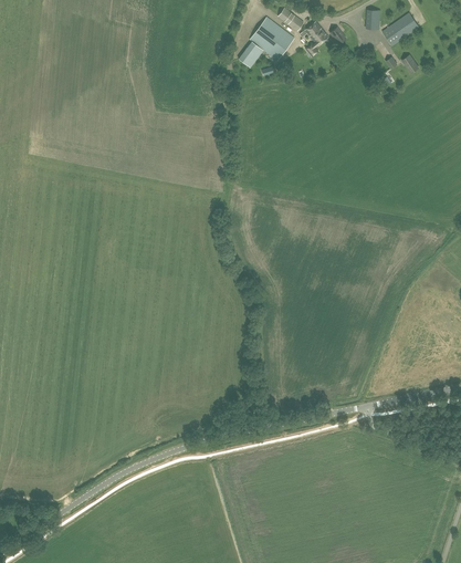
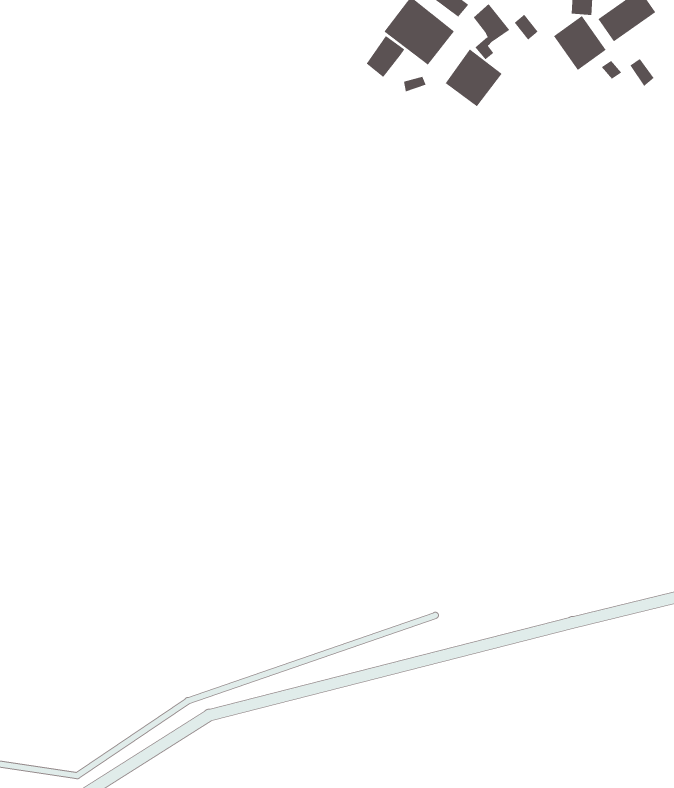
building: none -> [553,15,607,71]
building: none -> [445,48,502,107]

